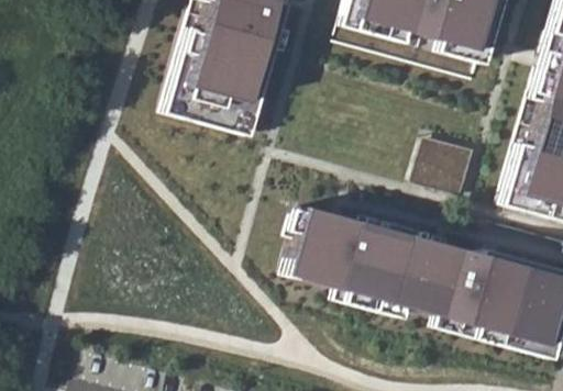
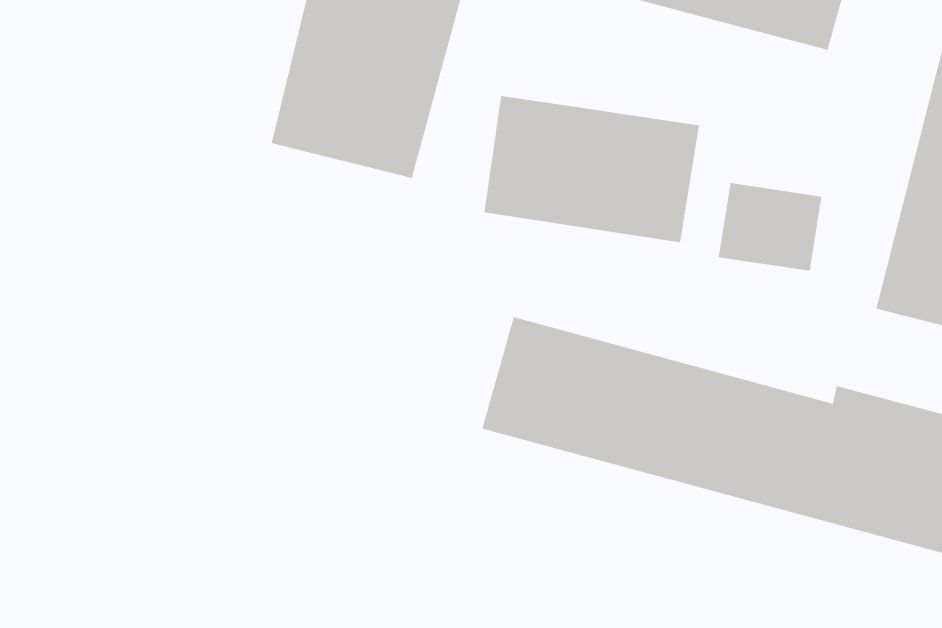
building: none -> [484,95,700,243]

